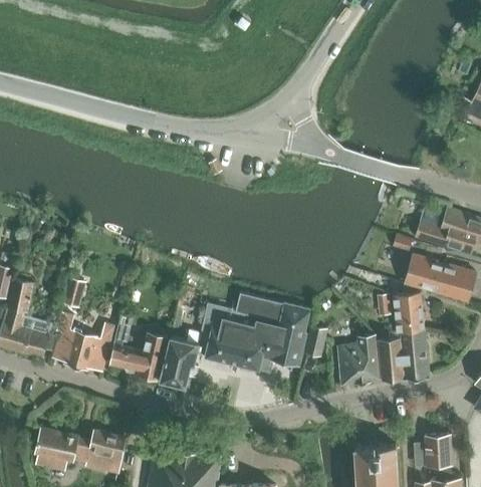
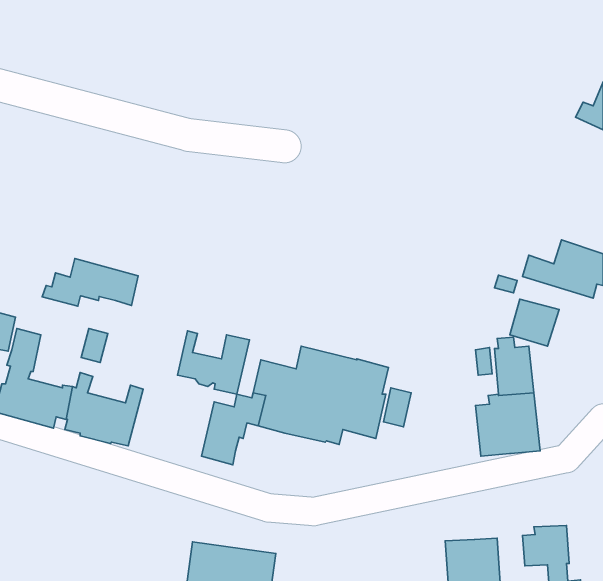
building: none -> [42,258,138,306]
building: [436,263,475,301] -> none
building: [109,329,167,380] -> [177,331,249,394]
building: [338,334,381,386] -> none
building: [34,428,127,474] -> none

